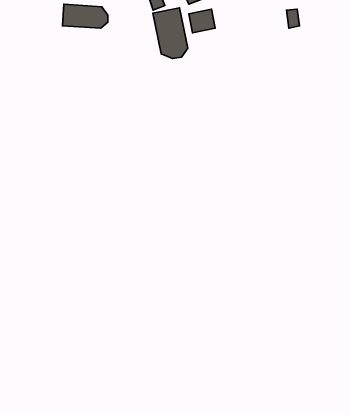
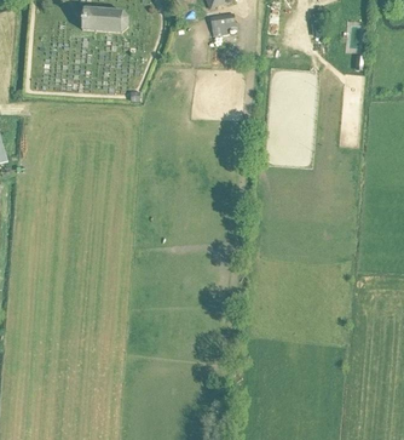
building: [153,8,188,58] -> none

